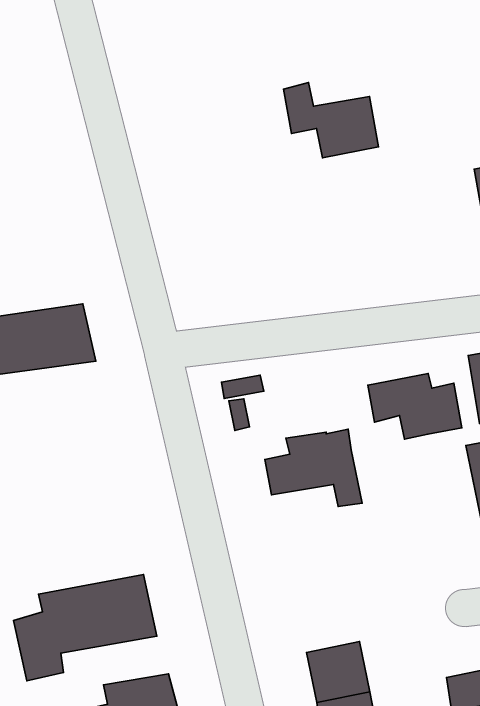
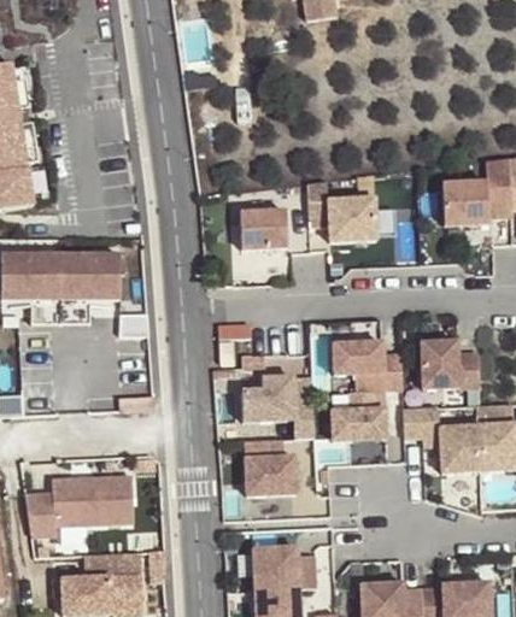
building: [284,83,378,158] -> [307,187,376,248]
building: none -> [233,204,287,249]
building: none -> [332,394,387,445]
building: none -> [245,442,297,499]

